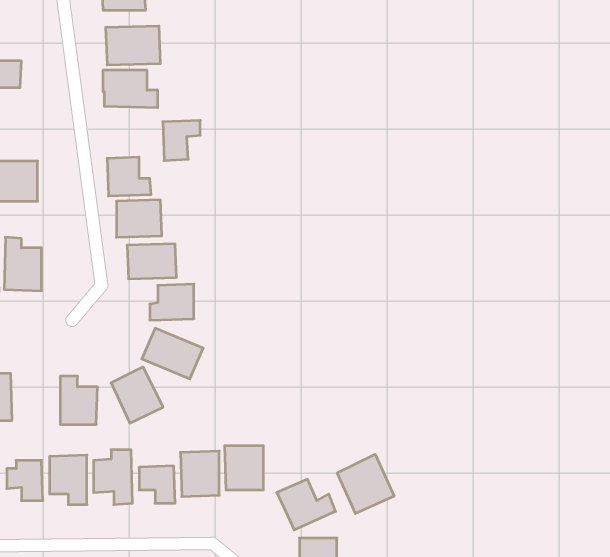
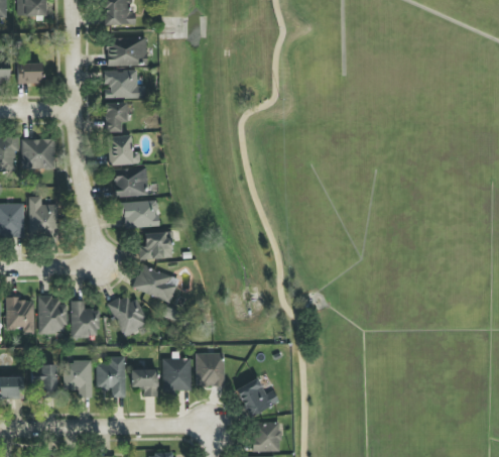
building: [163,120,200,161] -> [105,103,133,133]
building: none -> [38,297,67,334]
building: [337,454,394,514] -> none

